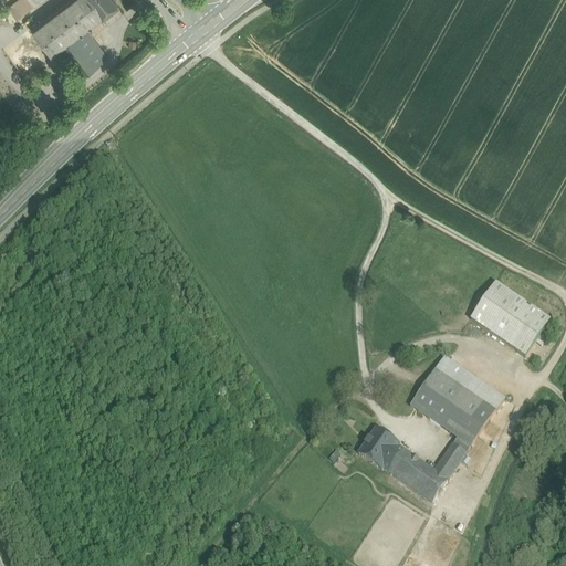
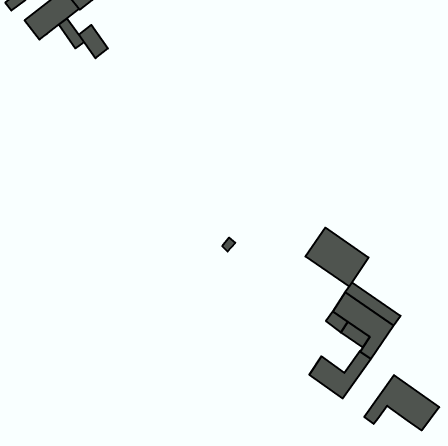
building: [59,31,95,73] -> [79,25,108,58]
building: [470,281,549,355] -> [305,228,369,286]
building: [358,426,405,471] -> none
building: none -> [364,375,439,430]

